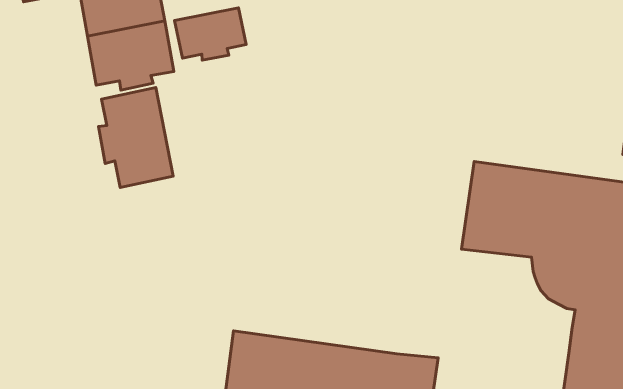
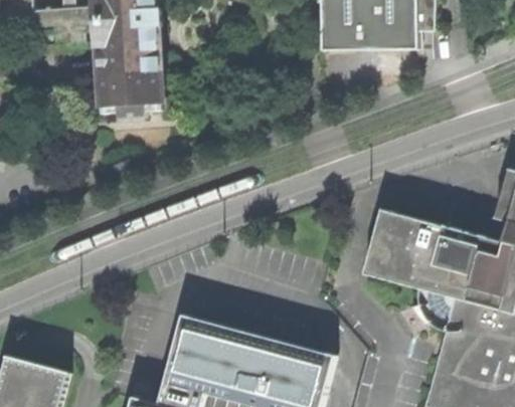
building: [175,8,246,60] -> none
building: [98,88,173,187] -> none

